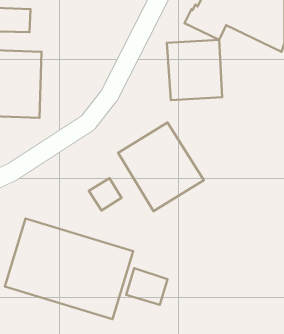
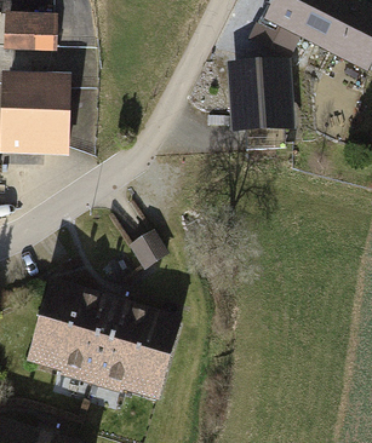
building: [118,123,204,211] -> none
building: [126,268,167,305] -> none

